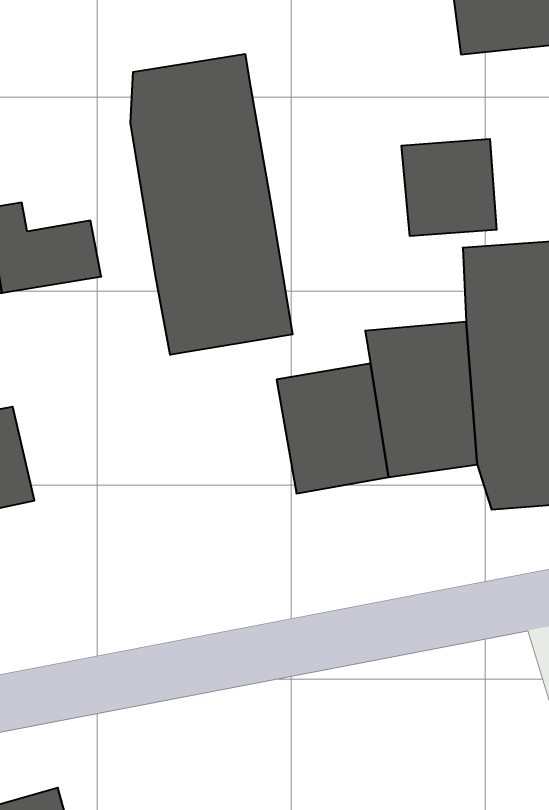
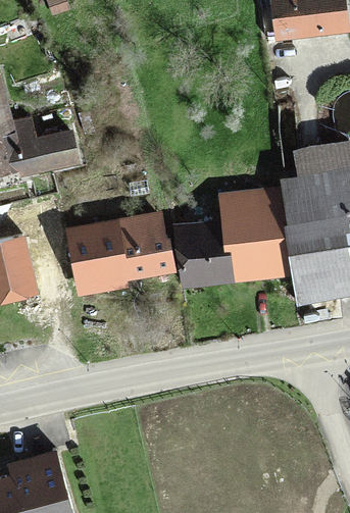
building: [131,54,293,355] -> none
building: [402,139,497,236] -> none
building: none -> [69,217,167,283]

